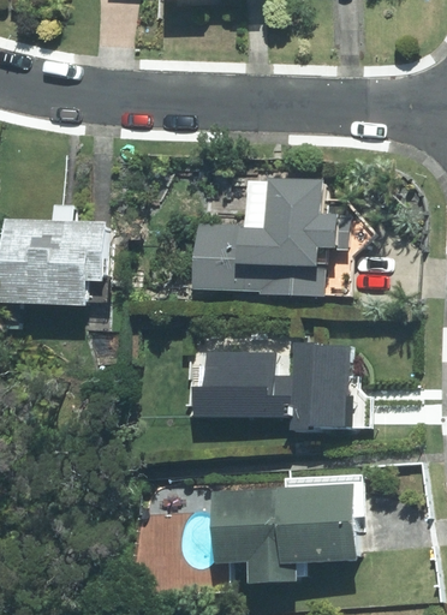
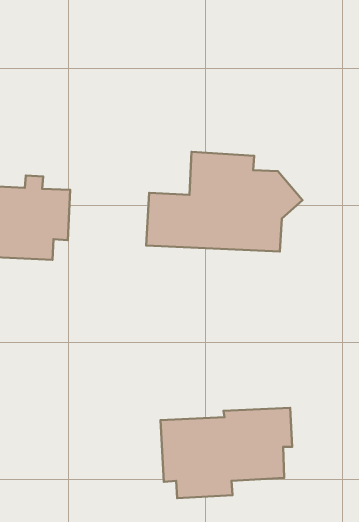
building: [192,344,371,430] -> none

